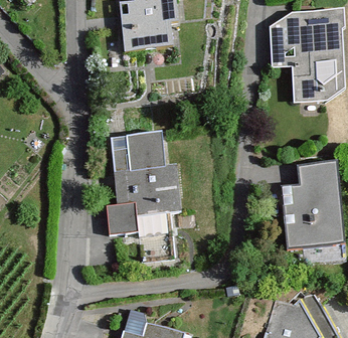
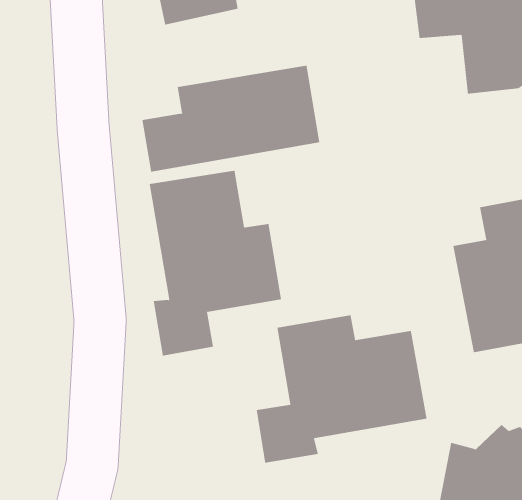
building: none -> [142,65,320,173]
building: none -> [256,315,427,463]

